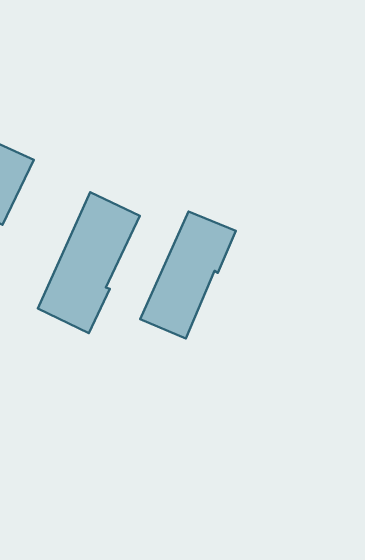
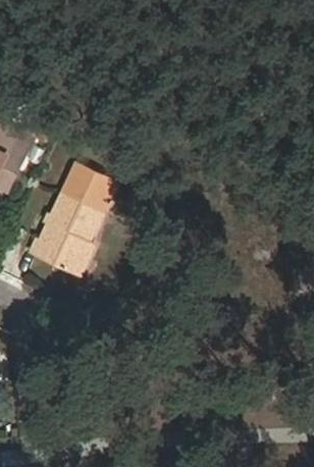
building: [140,212,236,338] -> none

